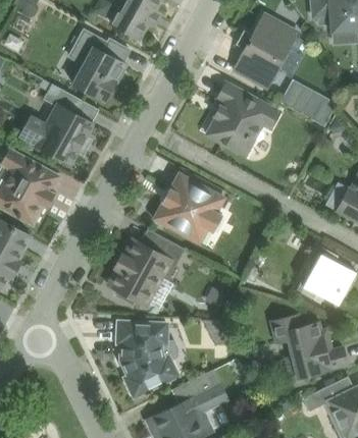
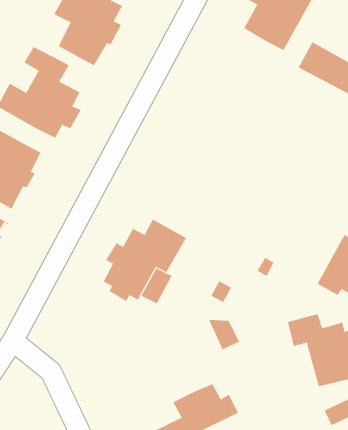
building: [206,83,275,154] -> none
building: [153,168,228,243] -> none
building: [117,322,177,397] -> none

